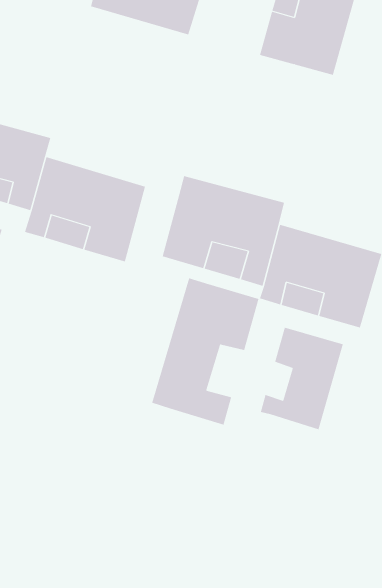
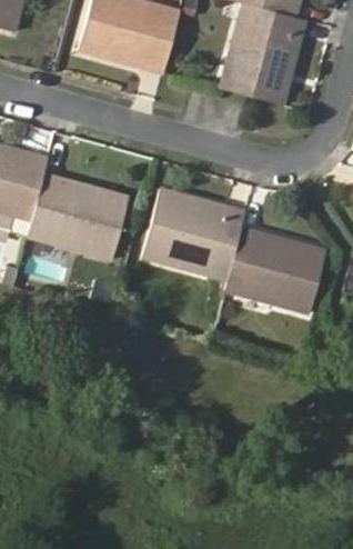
building: [151,278,259,426] -> none
building: [260,327,343,430] -> none

